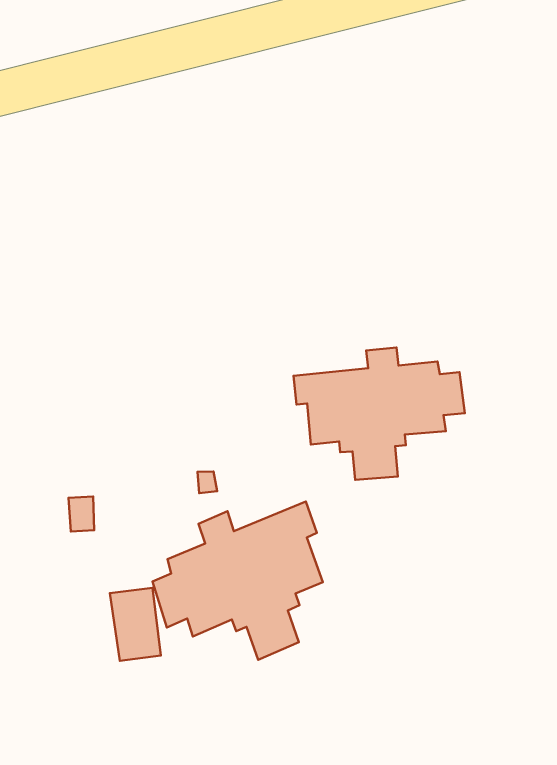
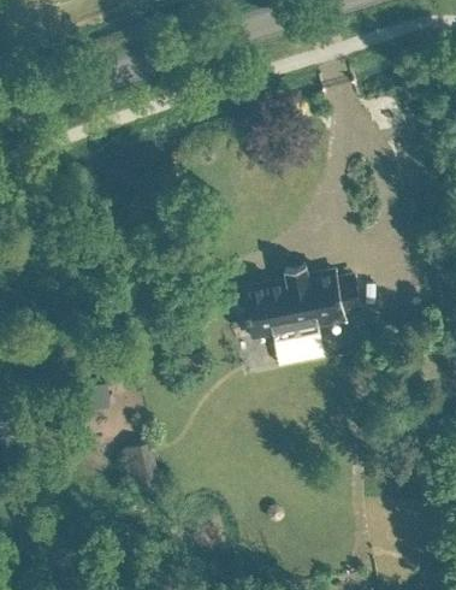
building: [152,502,323,660] -> none

